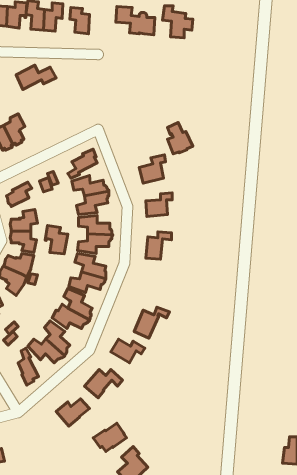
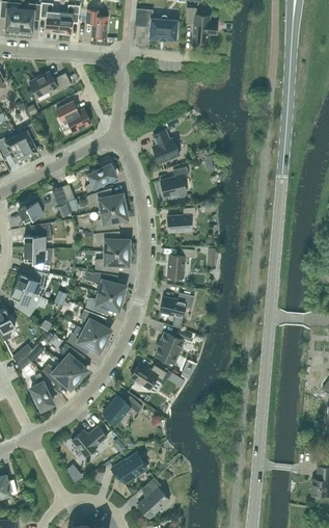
building: none -> [56,102,91,133]
building: [167,123,193,154] -> [153,130,180,163]
building: [45,225,68,254] -> none
building: none -> [160,293,194,327]

